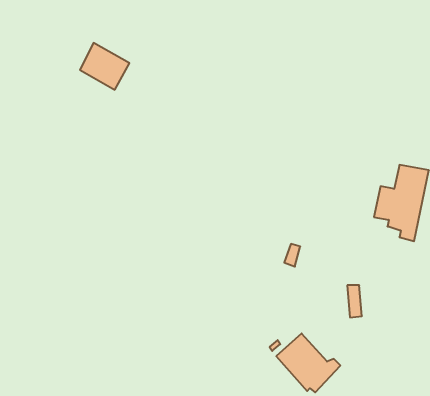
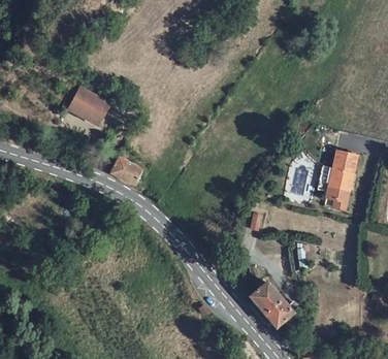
building: [80,43,129,90] -> [69,84,107,120]
building: none -> [110,156,143,185]

